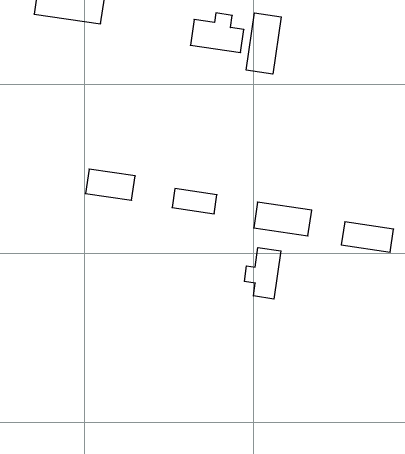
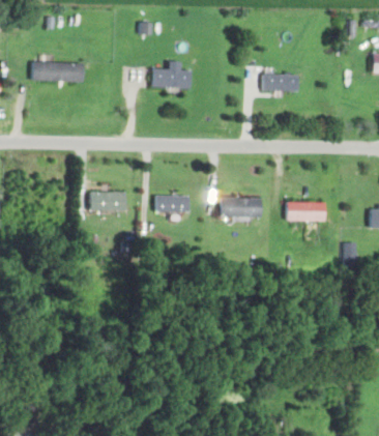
building: [246,13,281,74] -> none
building: none -> [263,76,298,91]
building: [244,248,281,299] -> none

